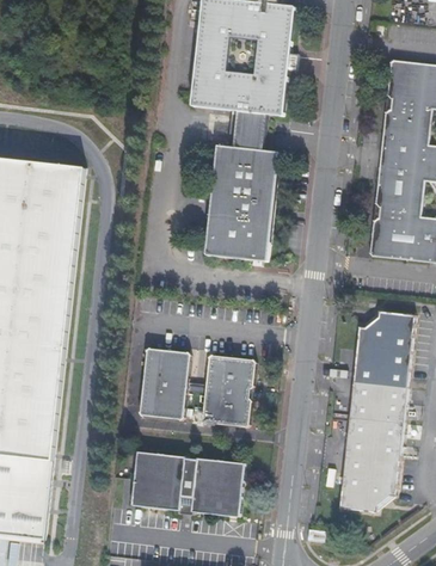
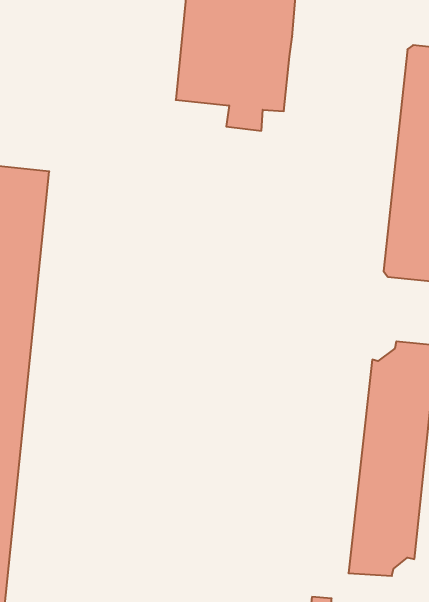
building: [203,129,278,262] -> none
building: [140,347,256,427] -> none
building: [133,453,244,517] -> none

